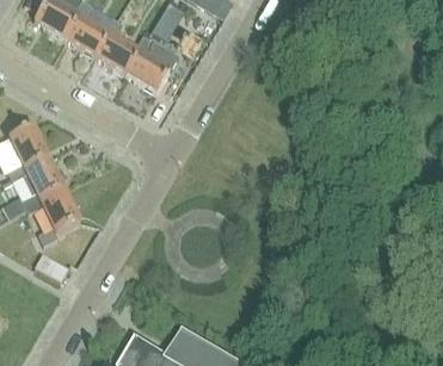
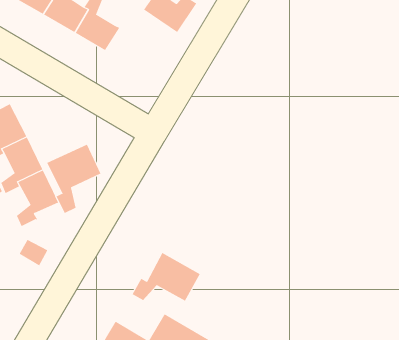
building: [124,31,168,89] -> none
building: none -> [47,144,101,214]
building: none -> [132,252,200,302]

